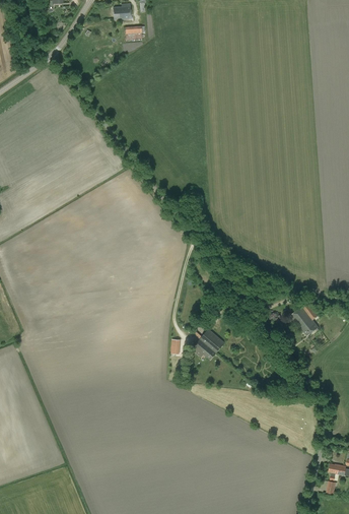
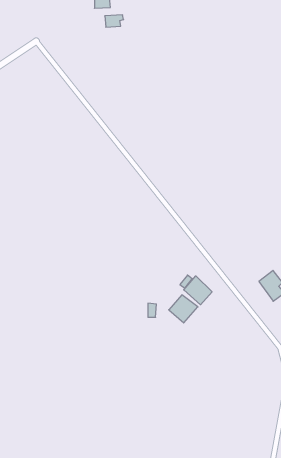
building: none -> [184,276,212,305]

